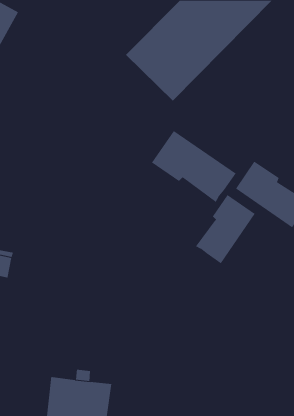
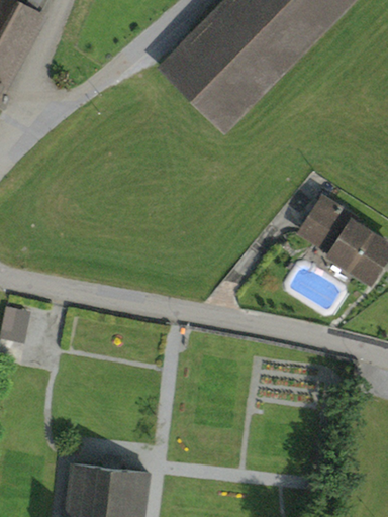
building: [151,130,236,203] -> none
building: [195,194,255,264] -> none

